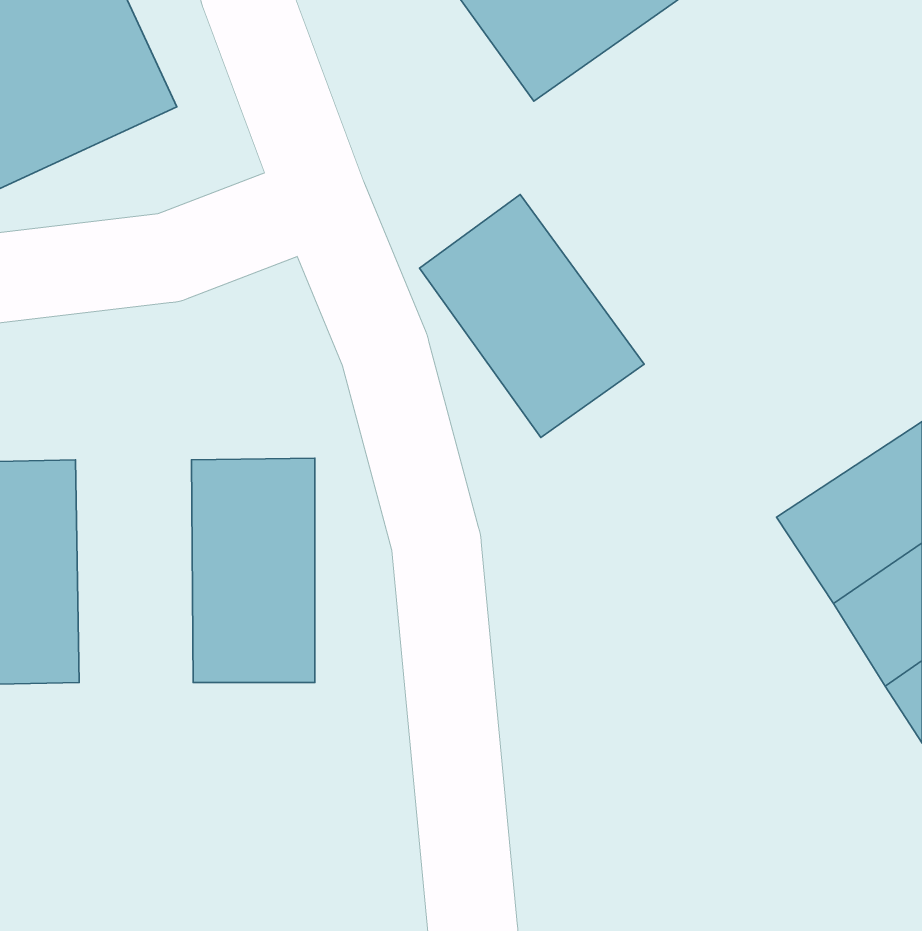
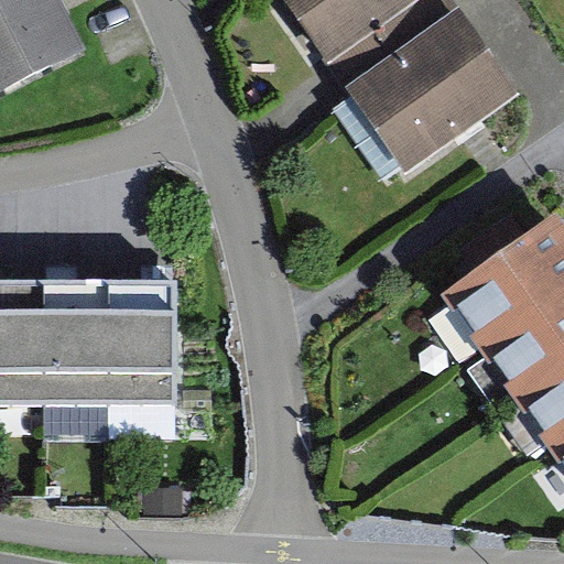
building: none -> [337,12,508,175]
building: [419,194,644,438] -> none
building: none -> [45,275,116,409]

